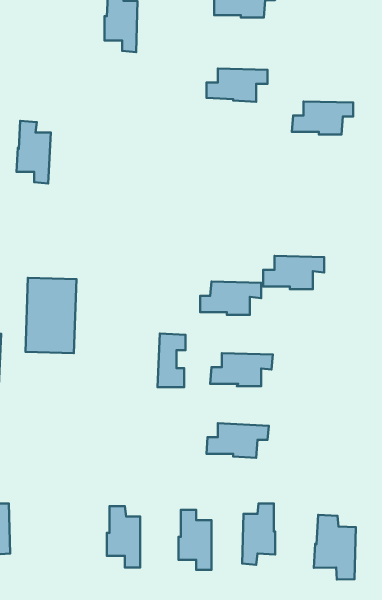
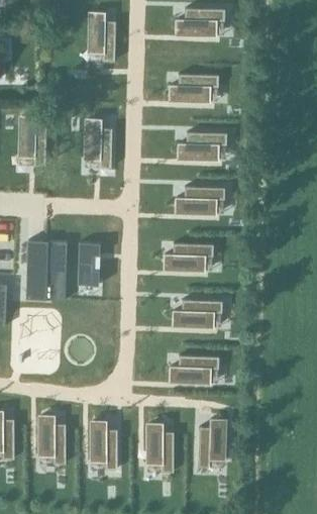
building: [292,101,353,135] -> [177,132,225,159]
building: none -> [84,119,111,168]
building: [263,256,324,289] -> [175,187,223,213]
building: [157,334,185,387] -> [77,242,99,285]
building: none -> [38,416,65,464]
building: [314,515,356,580] -> none

